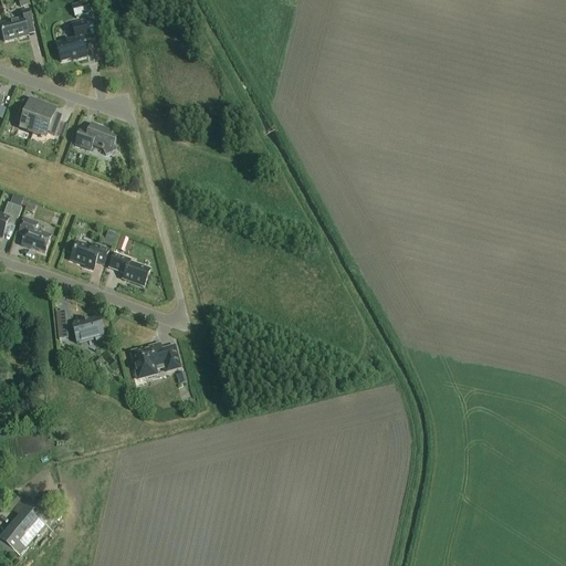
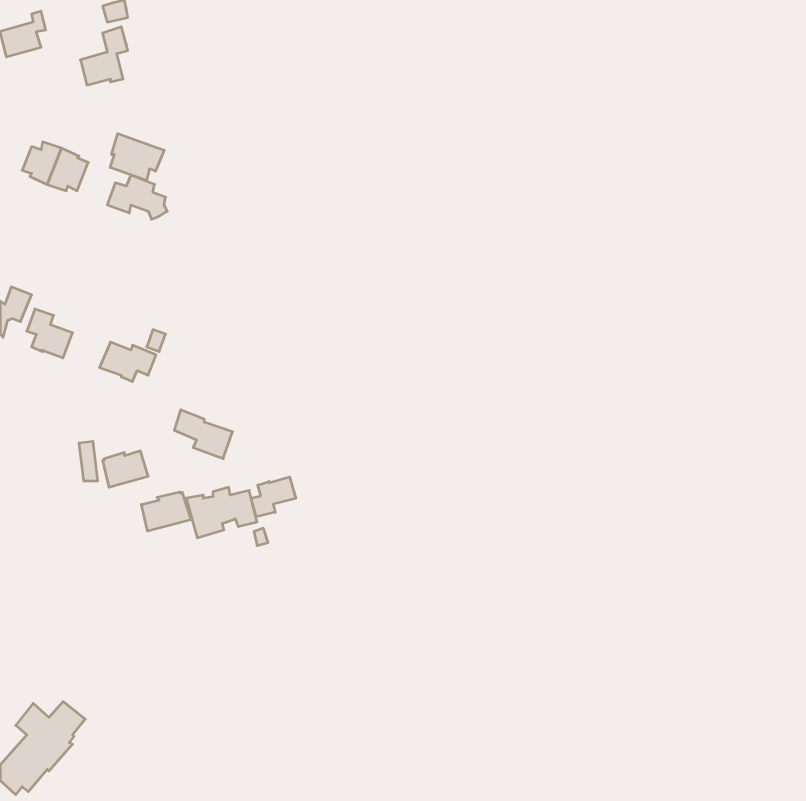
building: none -> [110,134,164,181]
building: [109,251,150,285] -> [174,410,233,459]
building: none -> [251,477,296,517]
building: none -> [141,492,191,531]

